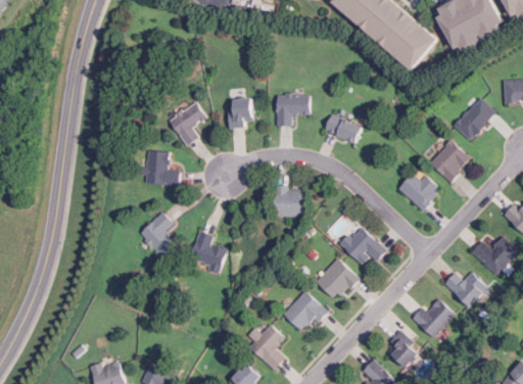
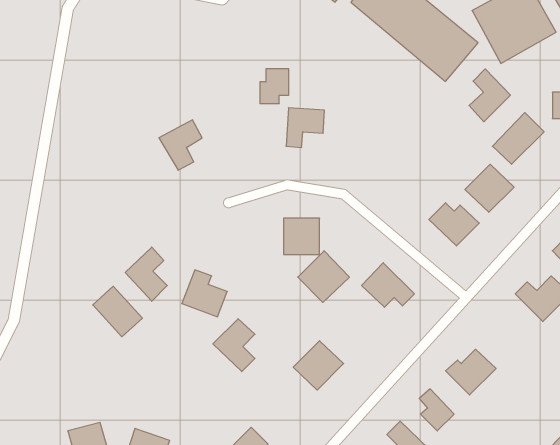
building: none -> [469,69,510,122]
building: [227,99,251,129] -> [260,69,289,104]
building: [323,114,361,144] -> none
building: [145,152,178,185] -> none
building: none -> [93,286,142,337]
building: [315,257,359,301] -> [298,251,349,302]
building: [444,272,487,306] -> none
building: [247,325,283,370] -> [213,319,255,372]

